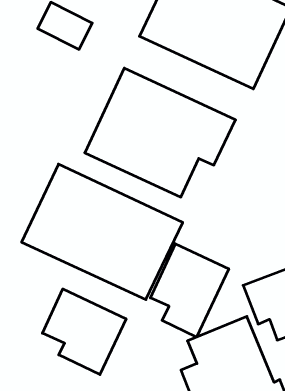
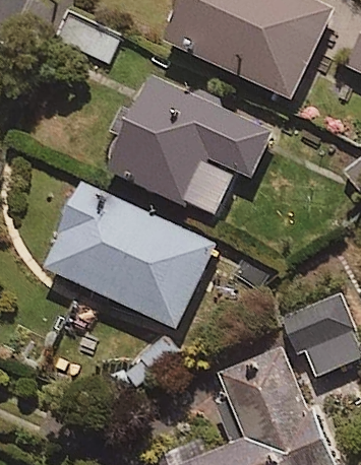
building: [150,244,229,337] -> none
building: [42,289,126,375] -> none

